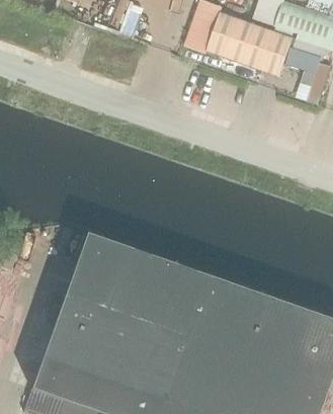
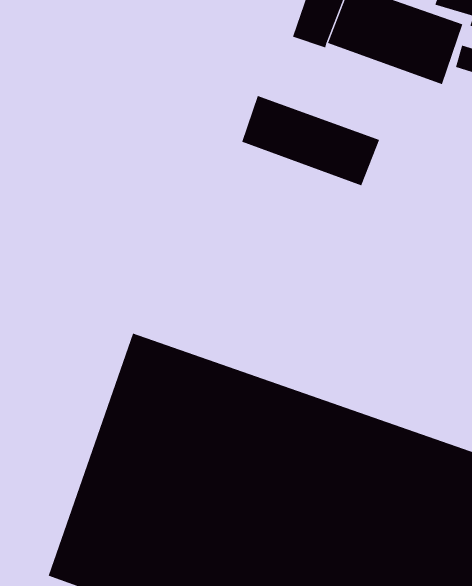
building: none -> [242,95,380,186]

